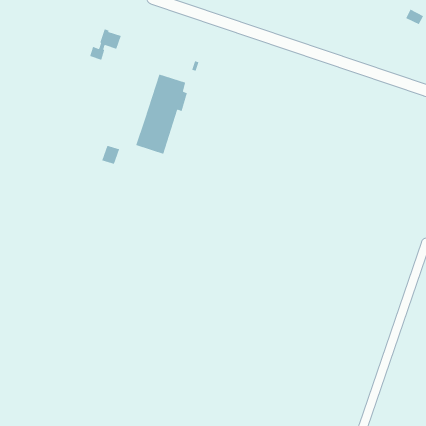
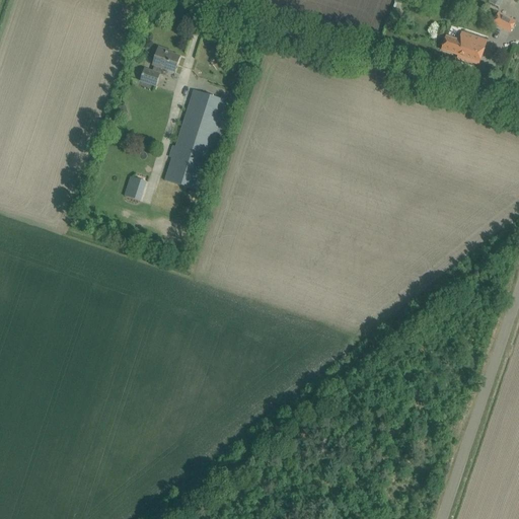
building: none -> [441,29,486,63]
building: [89,28,122,61] -> [140,46,179,85]

